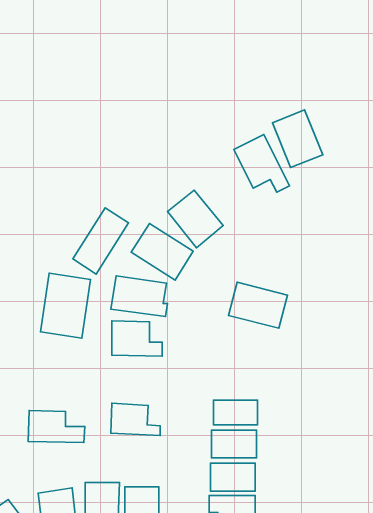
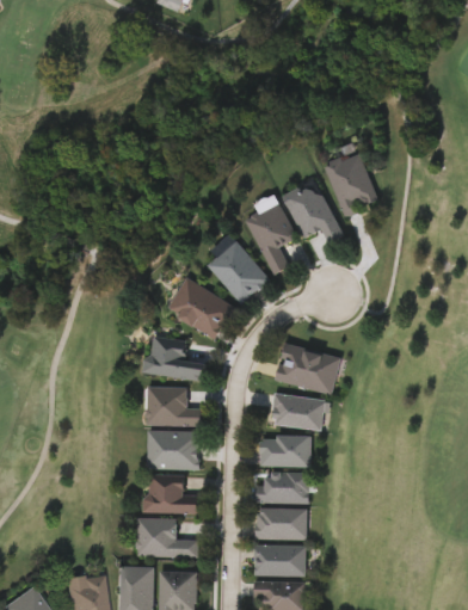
building: none -> [245,202,297,276]
building: [73,208,129,274] -> none
building: [40,273,90,338] -> none
building: none -> [272,395,325,430]
building: none -> [147,431,199,468]
building: none -> [260,436,310,467]
building: [28,410,85,443] -> [135,522,198,557]

